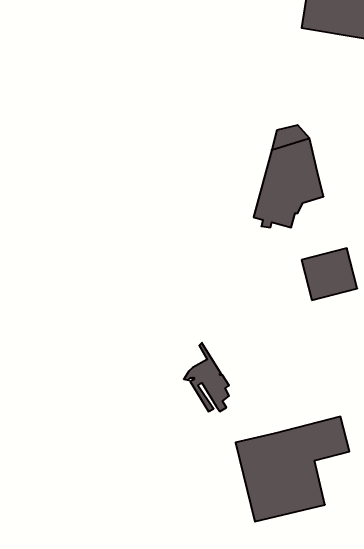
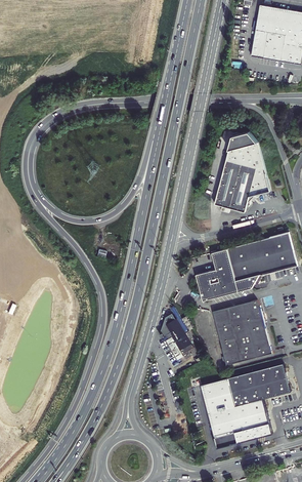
building: none -> [195,240,259,298]
building: none -> [213,302,271,365]

